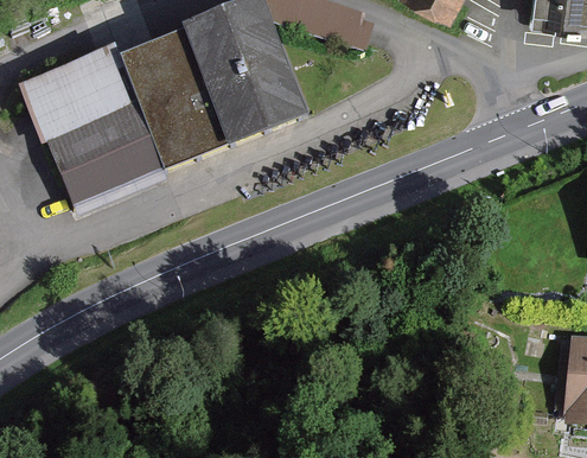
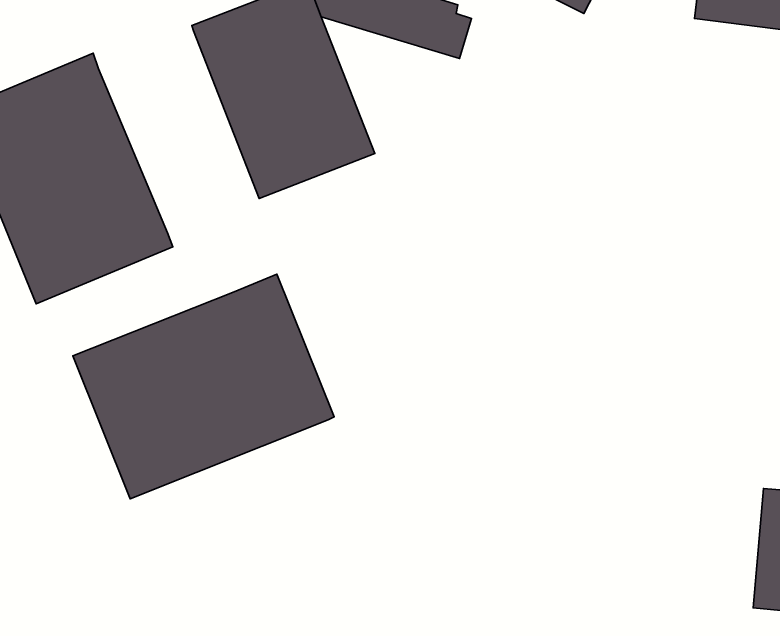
building: [119,27,229,166] -> none
building: none -> [73,274,334,499]

